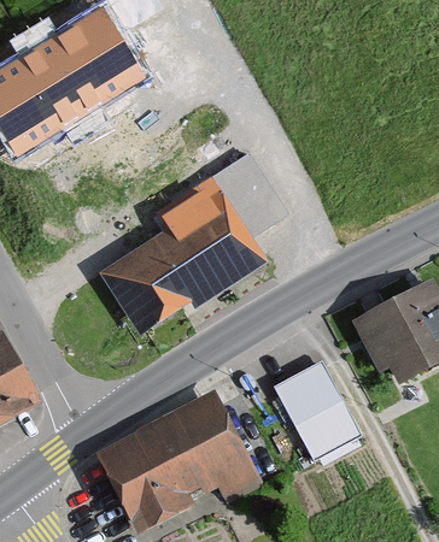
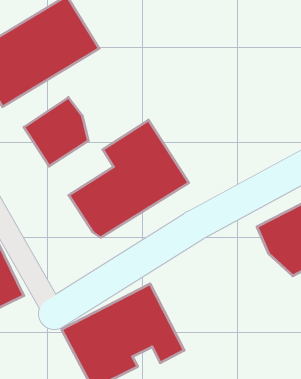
building: none -> [24,97,88,166]
building: [271,357,361,459] -> none

